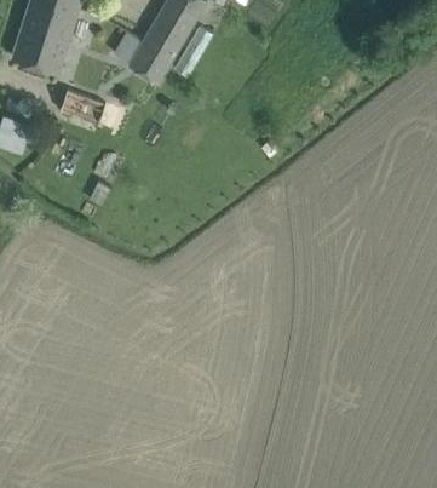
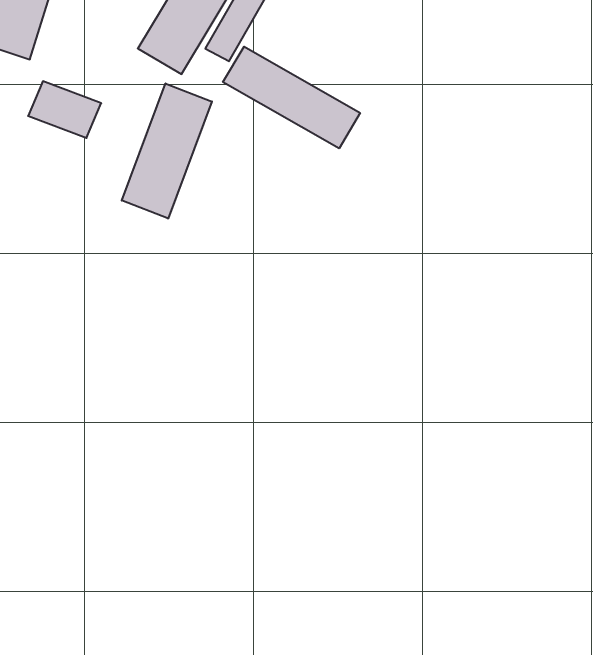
building: none -> [223,47,360,148]
building: none -> [122,83,212,219]

